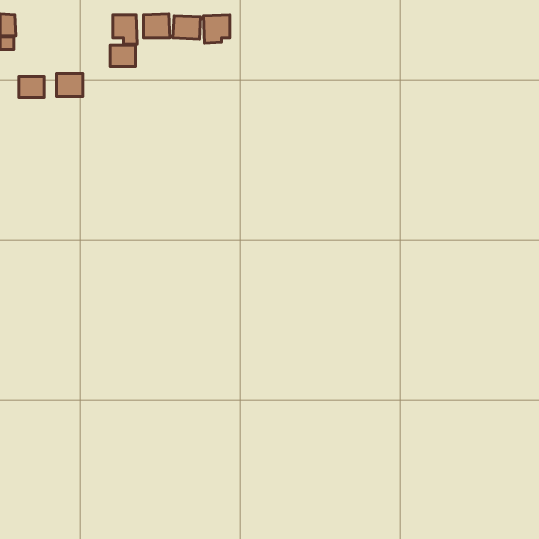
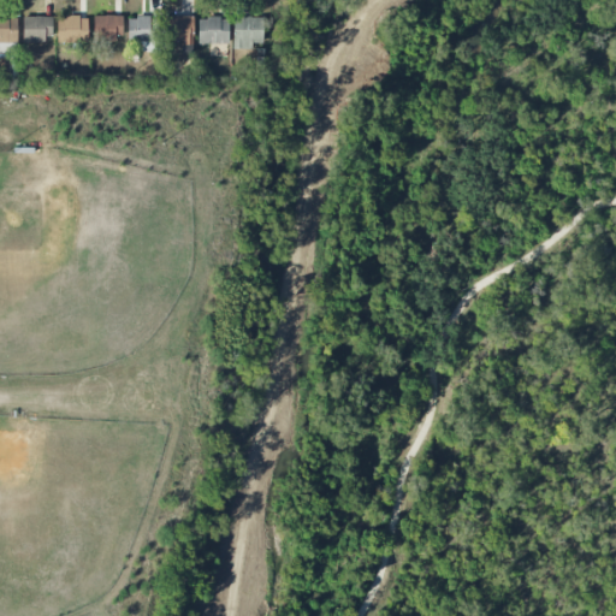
building: [110,45,136,66] -> [94,16,123,40]
building: [57,73,83,97] -> [58,17,88,43]
building: [19,77,44,98] -> [23,17,52,41]

